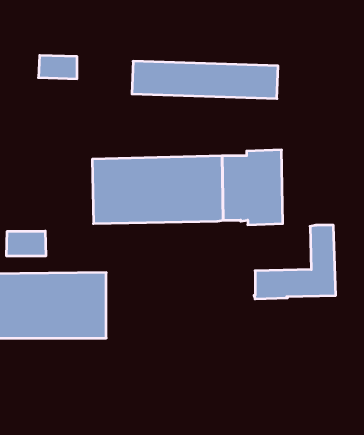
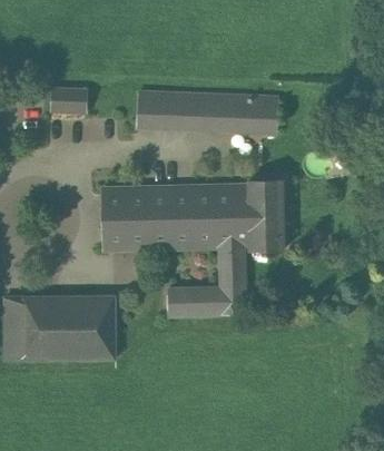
building: [254,225,336,299] -> [171,243,249,313]
building: [7,231,46,256] -> none

